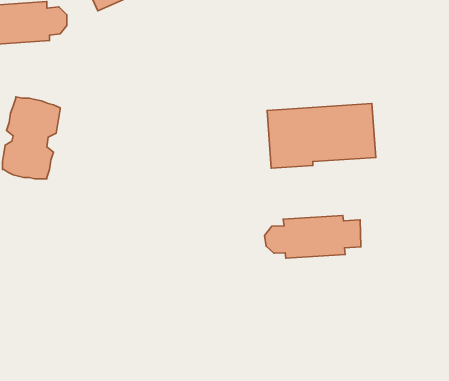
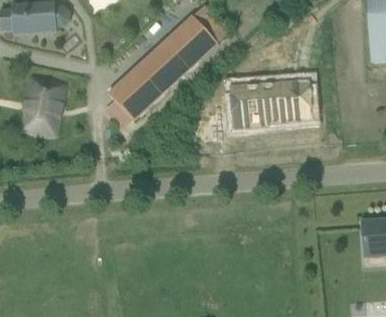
building: none -> [108,15,217,119]
building: [265,215,361,258] -> none

